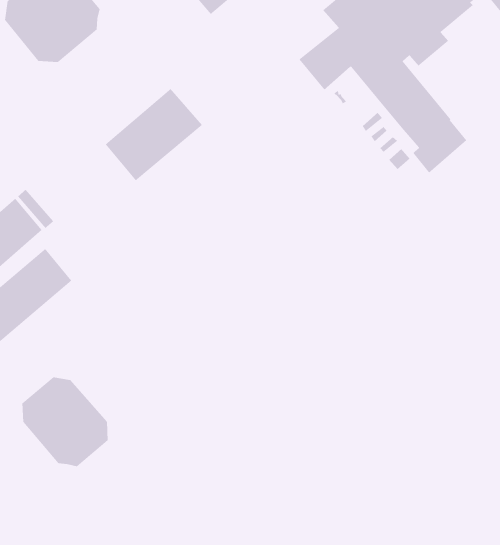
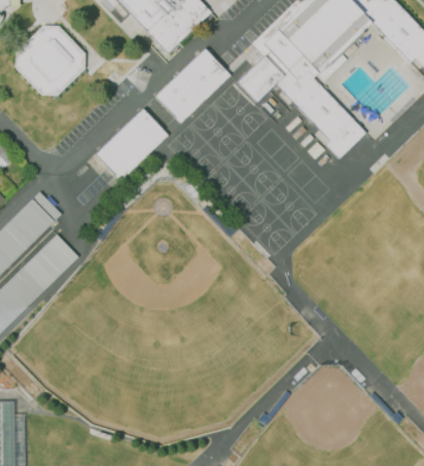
building: none -> [154,48,229,123]
building: [22,376,108,467] -> none

